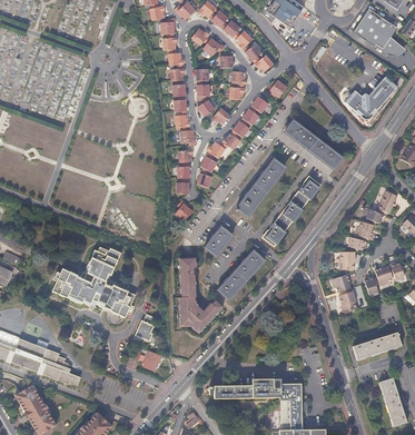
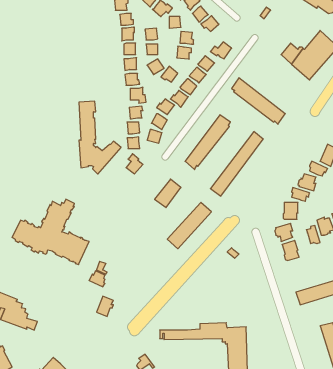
building: [178,256,223,333] -> [79,101,121,174]

